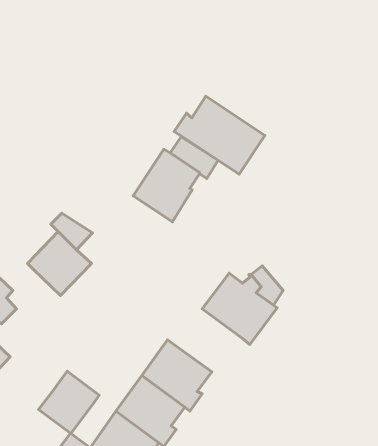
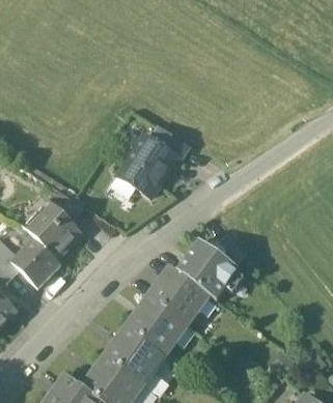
building: [174,96,265,174] -> none
building: none -> [10,236,60,286]
building: none -> [146,265,210,324]
building: [39,371,99,433] -> none

